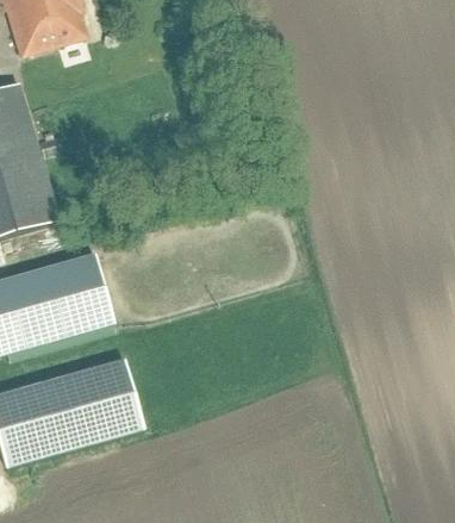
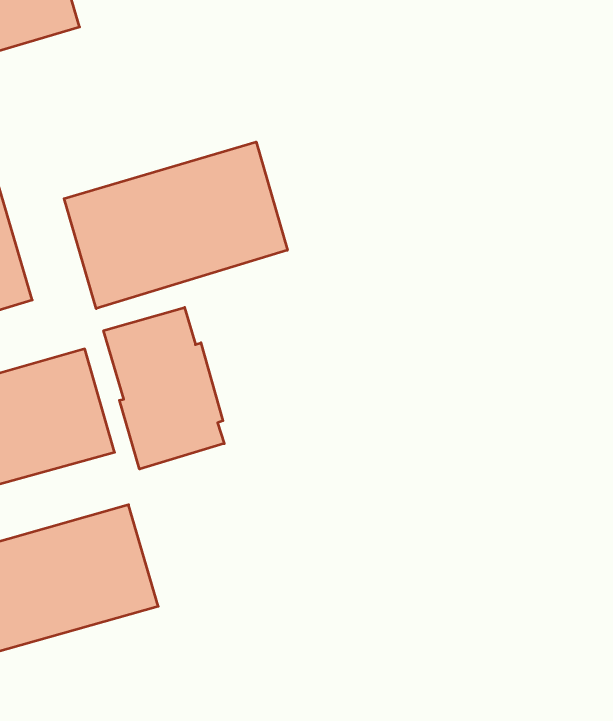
building: none -> [64,142,287,309]
building: none -> [104,307,224,469]

